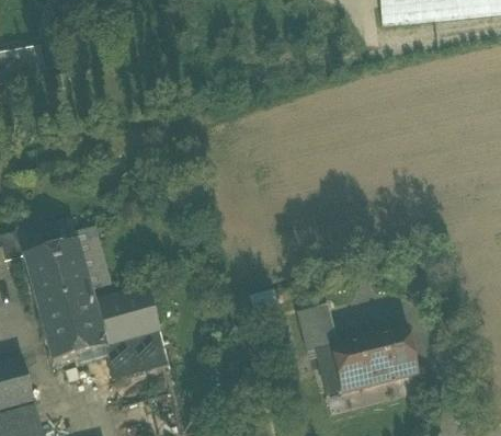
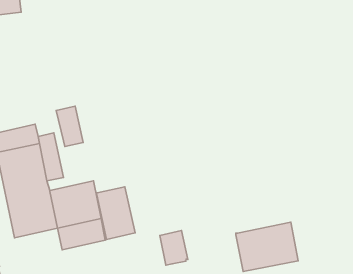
building: none -> [56,106,83,146]
building: none -> [96,187,135,240]
building: [297,309,334,354] -> [160,231,188,265]

